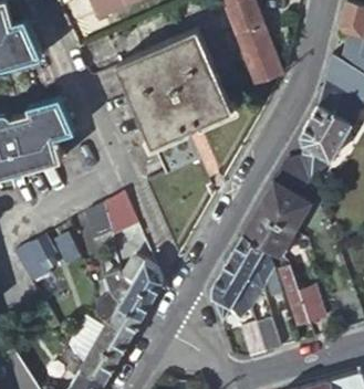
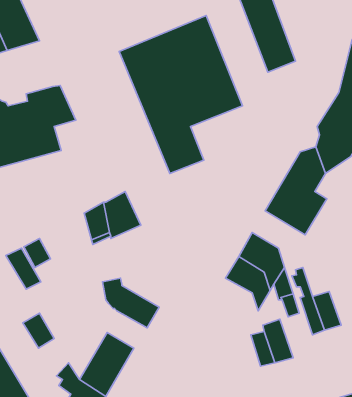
building: [239,213,288,255] -> none
building: [119,261,164,302] -> none
building: [209,275,245,324] -> none
building: [91,298,143,339] -> none

